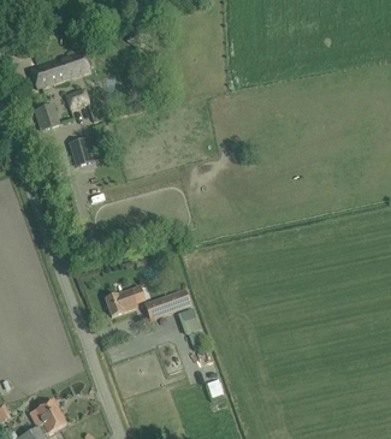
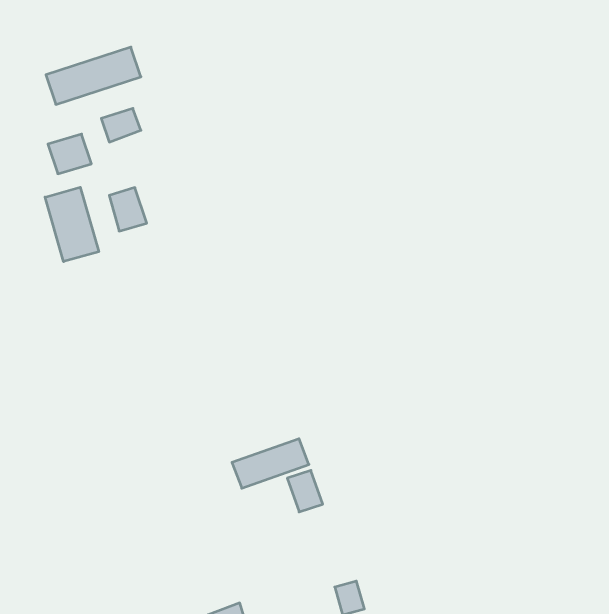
building: none -> [45,187,99,262]
building: [105,287,137,315] -> none

